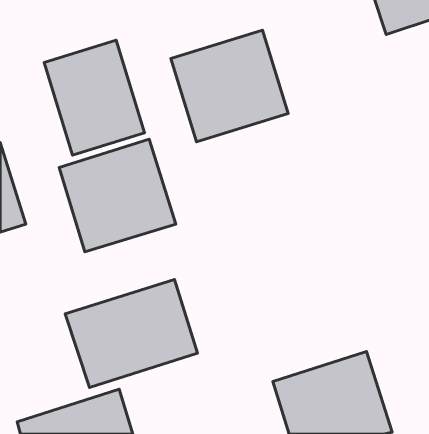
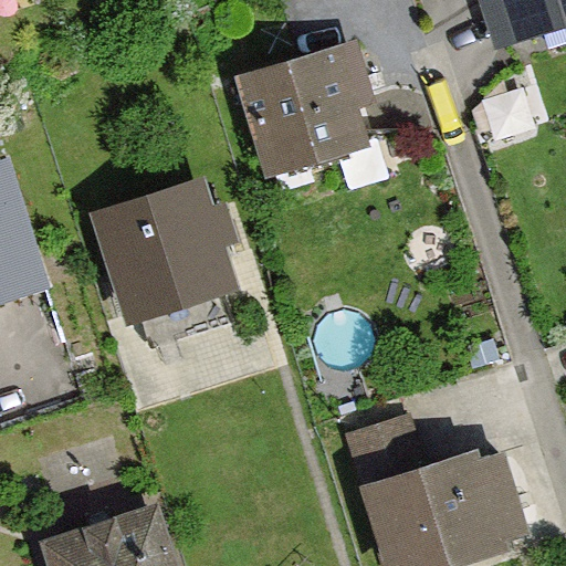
building: [44,40,145,155] -> none
building: [65,280,197,388] -> none

